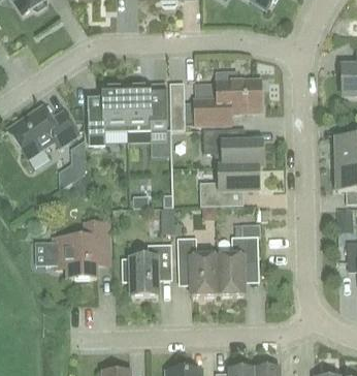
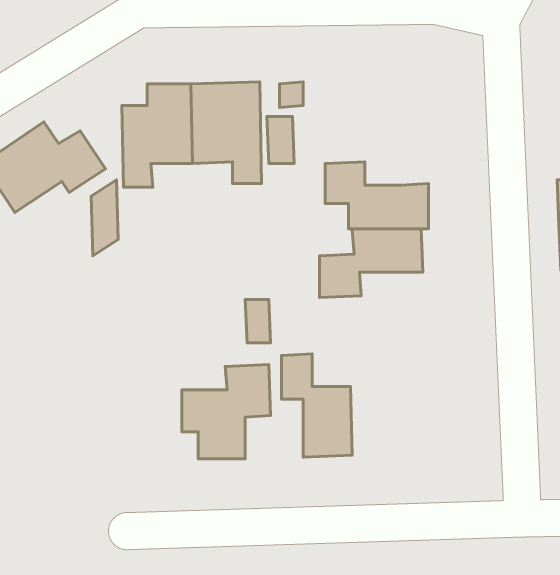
building: [194,70,260,124] -> none
building: [44,220,108,277] -> none
building: [217,236,257,294] -> none

